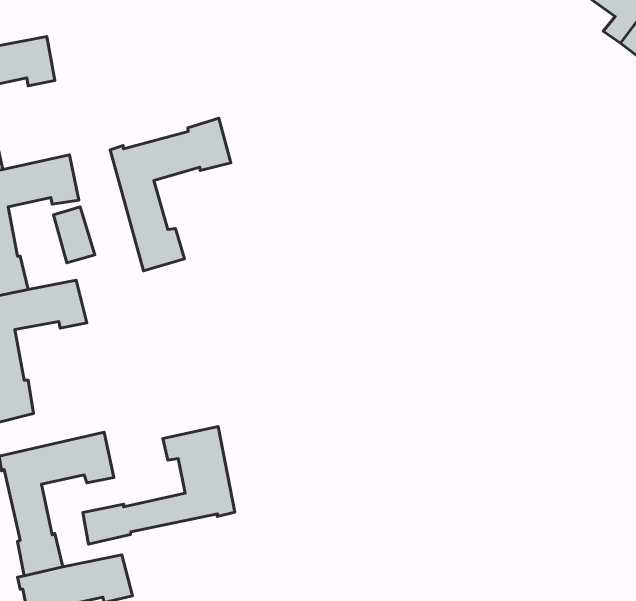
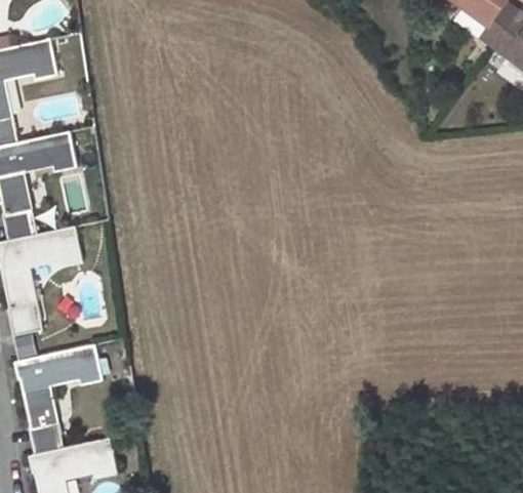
building: [110,118,231,271] -> none
building: [83,426,235,544] -> none

